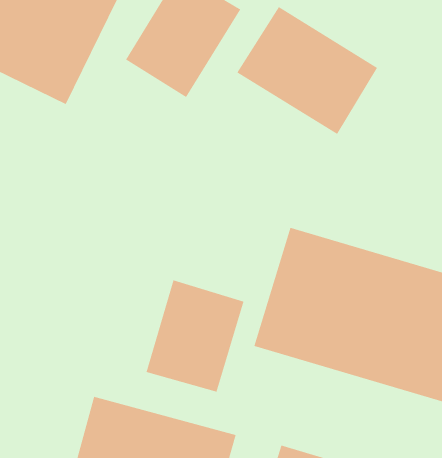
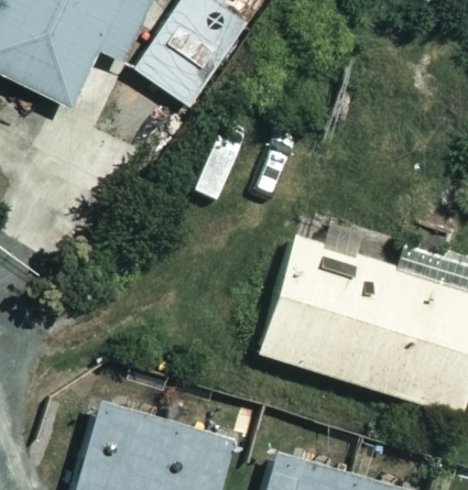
building: [236,6,378,135] -> none
building: [146,280,244,393] -> none

